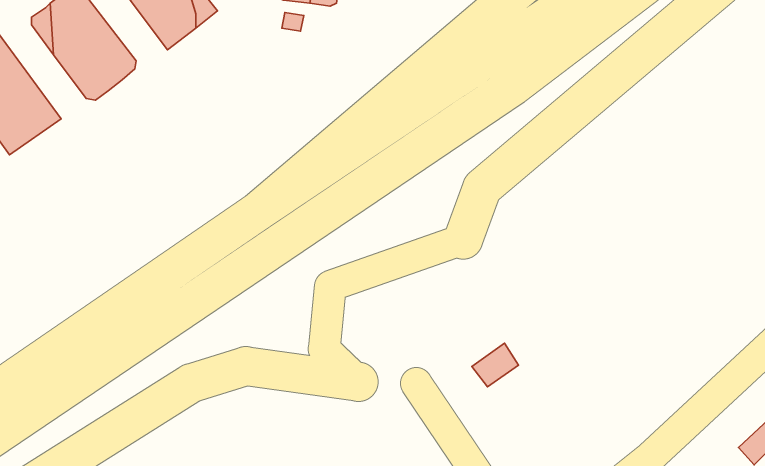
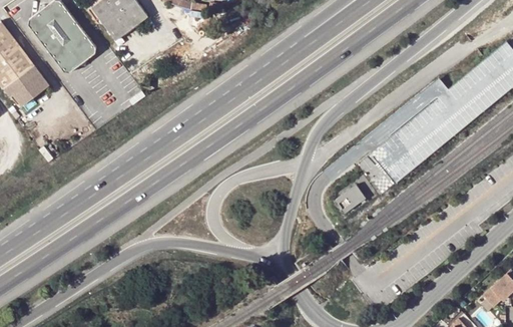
building: [472,343,519,387] -> [335,184,365,212]

